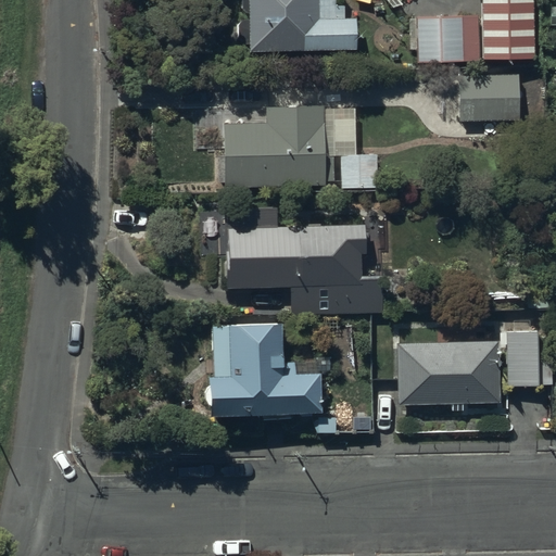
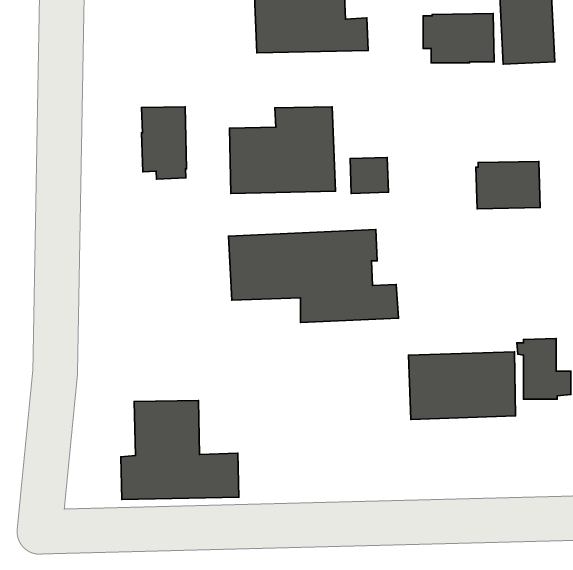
building: [459,73,521,118] -> [476,162,540,209]
building: none -> [141,107,186,179]
building: [206,324,320,419] -> [121,400,239,499]

